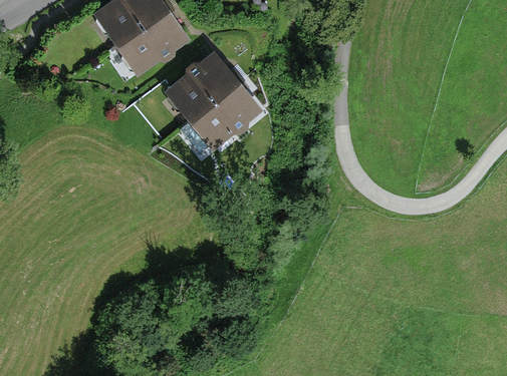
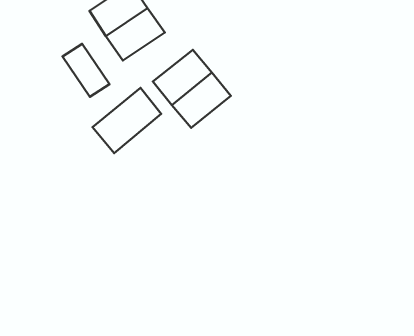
building: none -> [63,44,109,97]
building: none -> [93,88,161,153]

